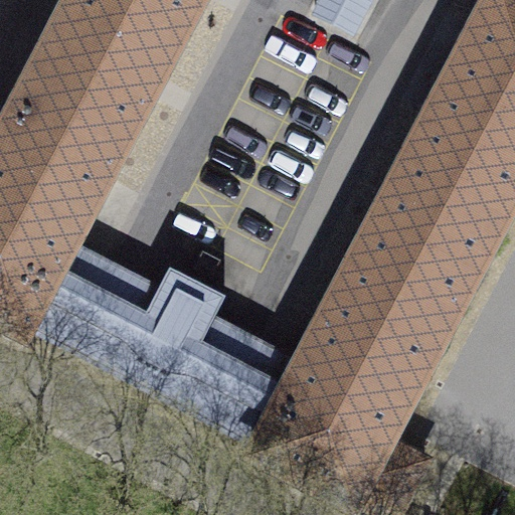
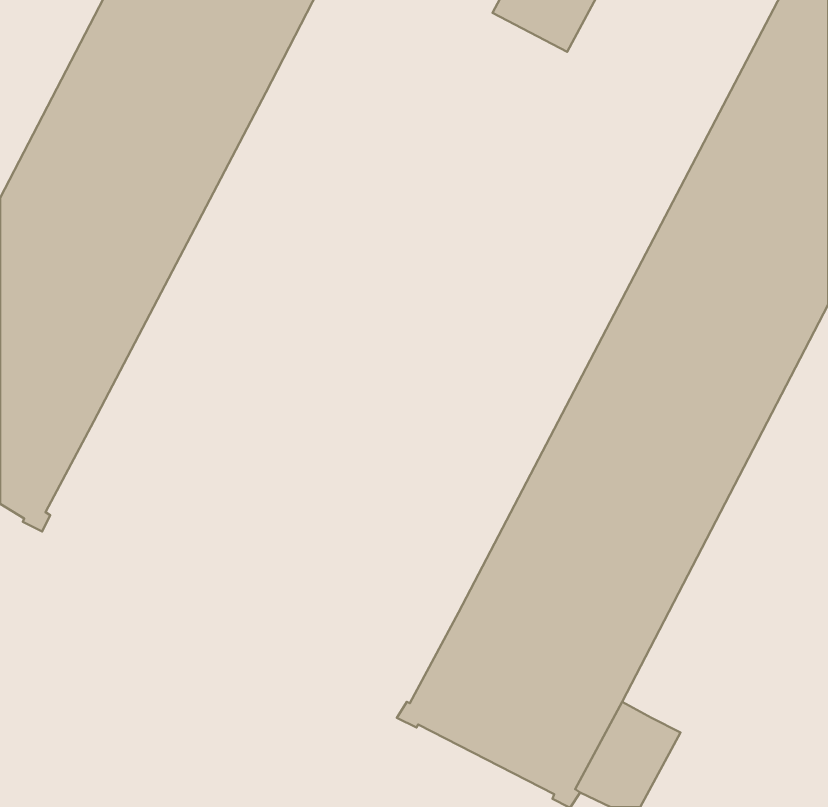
building: [28,258,285,437] -> none

